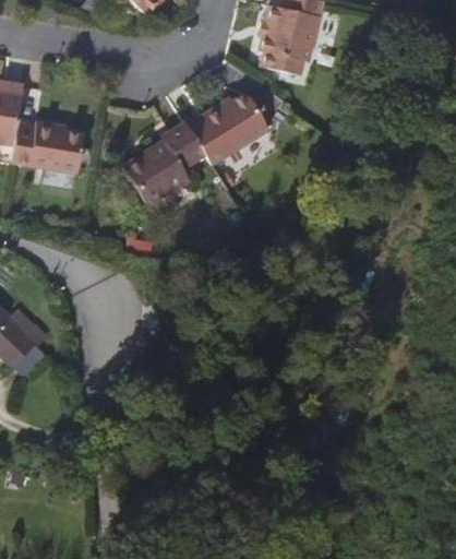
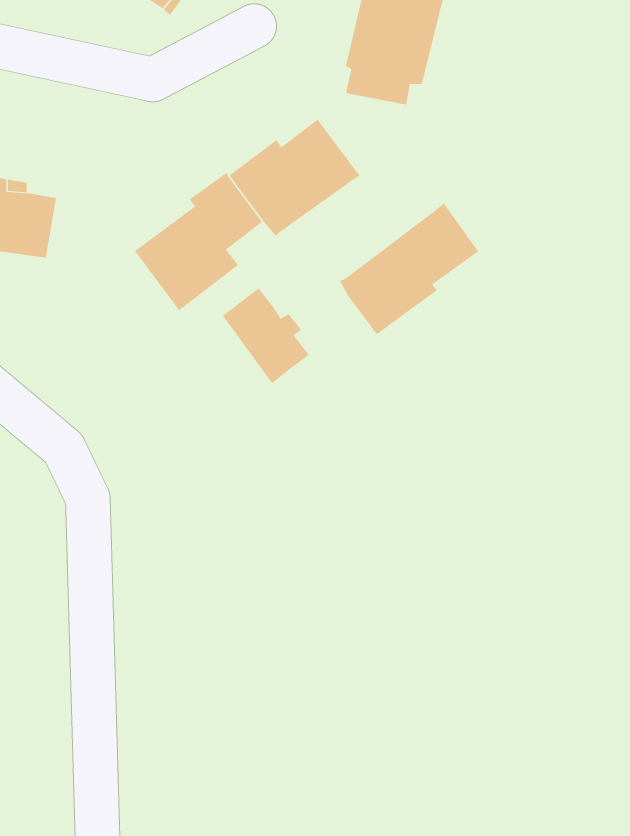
building: none -> [339,202,479,335]
building: none -> [222,287,309,384]

